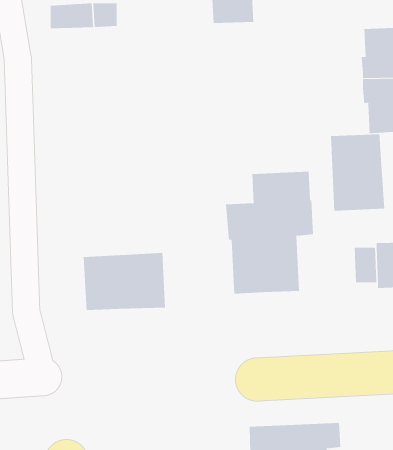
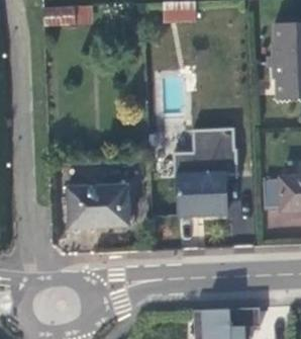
building: [330,133,385,211] -> none

